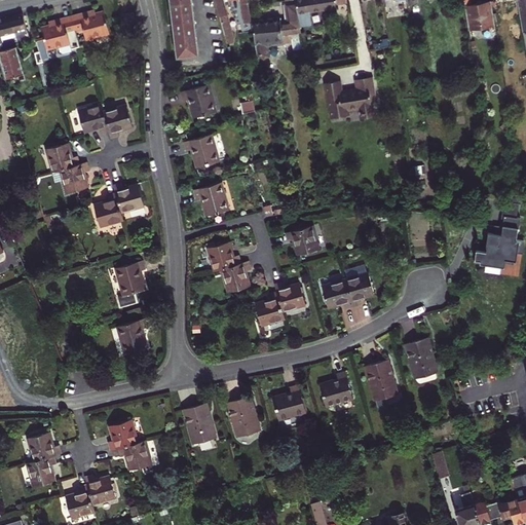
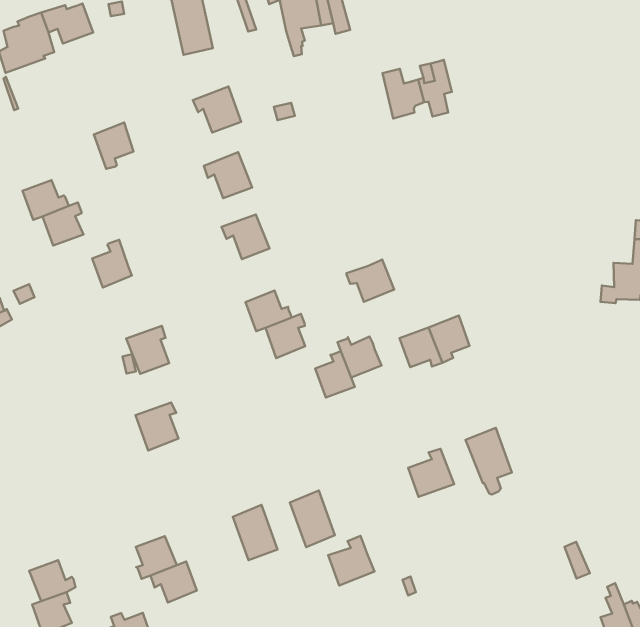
building: [77,104,108,134] -> none
building: [112,183,143,214] -> none
building: [404,337,437,379] -> none
building: [271,385,305,421] -> [328,536,375,585]

